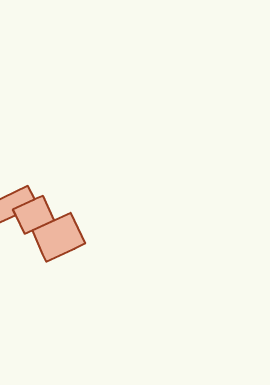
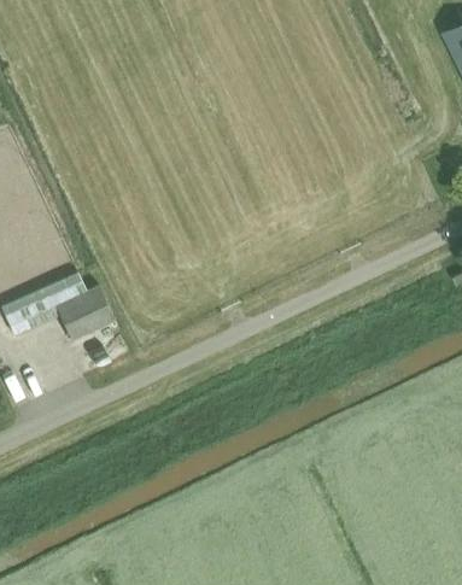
building: [33,213,85,262] -> none

